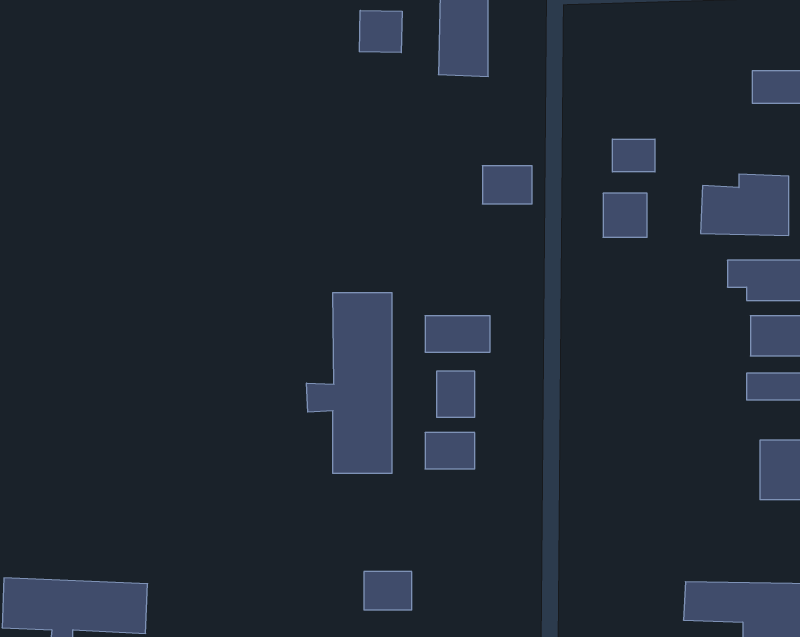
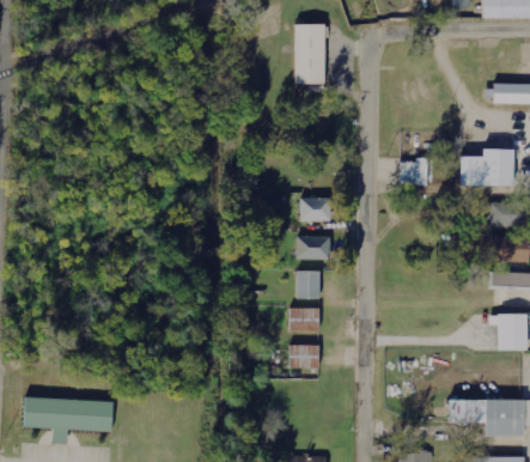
building: [359,10,402,53] -> none
building: [612,139,655,172] -> none
building: [482,166,532,204] -> [298,196,329,220]
building: [307,293,392,473] -> none
building: [364,572,412,610] -> [287,344,317,367]

